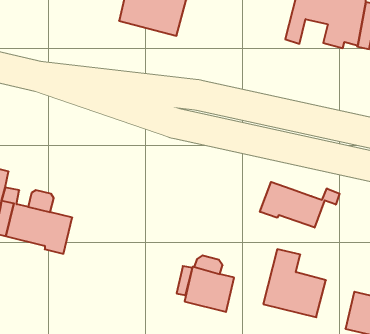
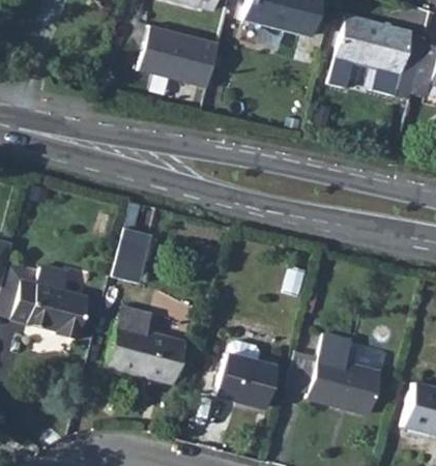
building: none -> [116,224,159,280]
building: [260,182,340,228] -> none
building: none -> [106,309,185,385]

